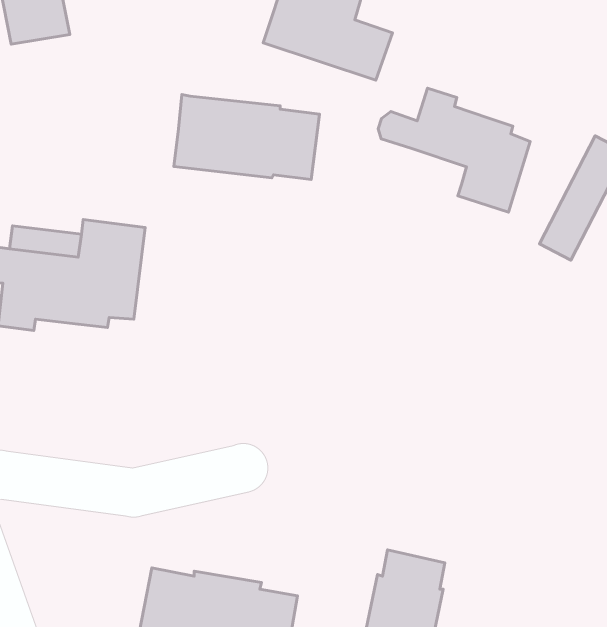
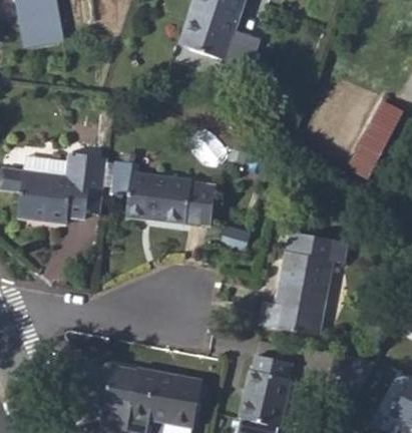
building: [378,88,530,212] -> none
building: [174,95,319,180] -> [125,172,215,225]
building: none -> [260,234,348,336]

